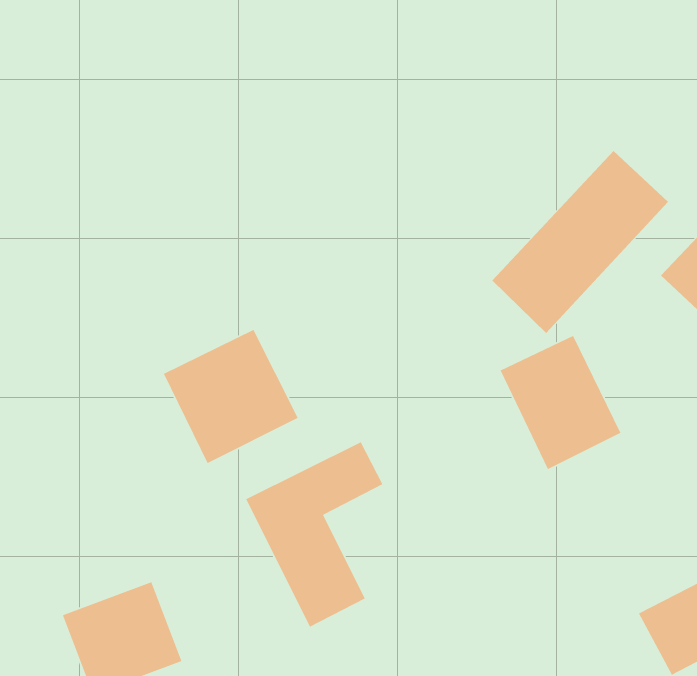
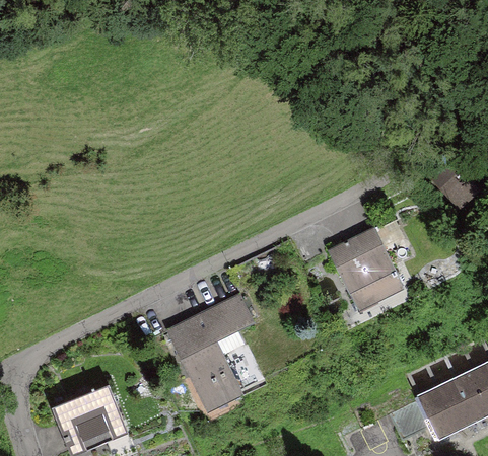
building: [492,150,669,334] -> none
building: [163,329,299,464] -> none

